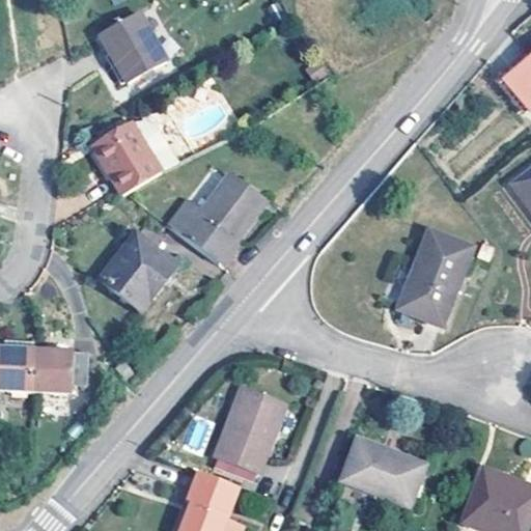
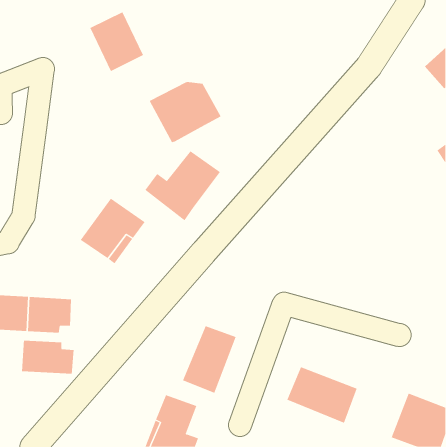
building: [93,124,179,197] -> [149,82,222,143]
building: [404,222,476,315] -> none
building: none -> [22,340,74,374]

